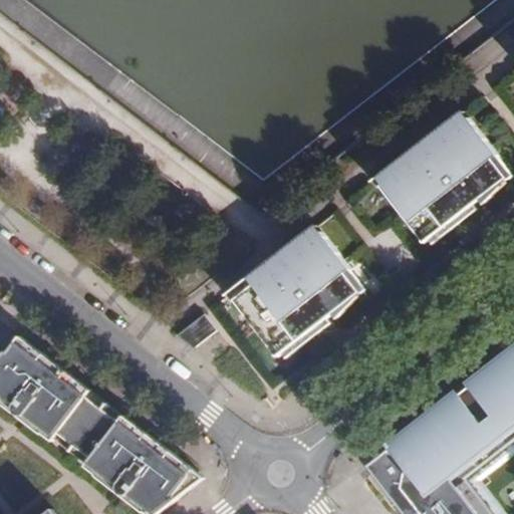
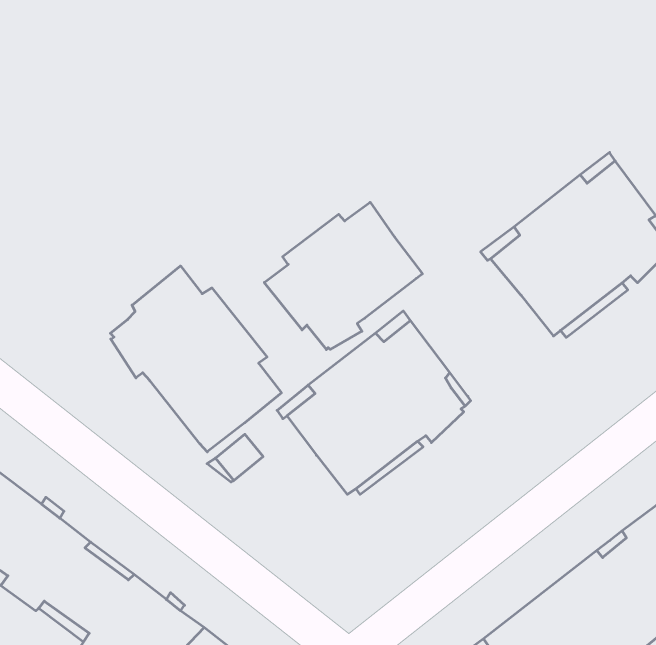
building: none -> [264,202,422,350]
building: none -> [110,266,281,452]

